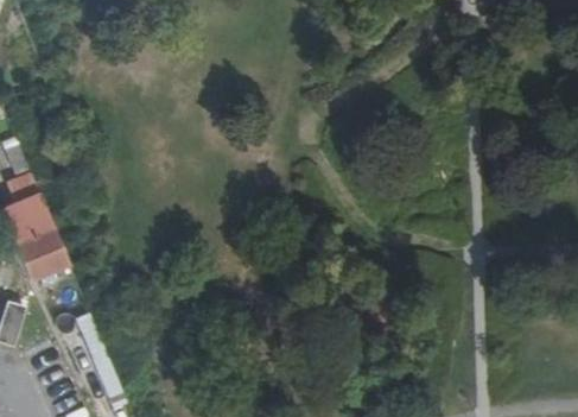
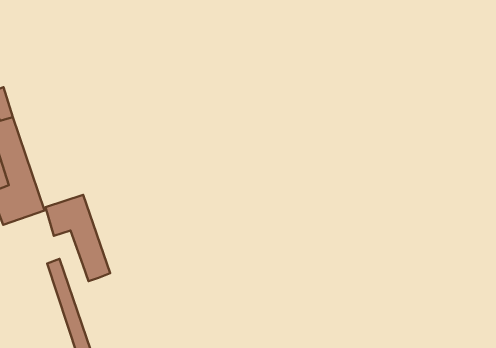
building: none -> [45,195,110,281]

